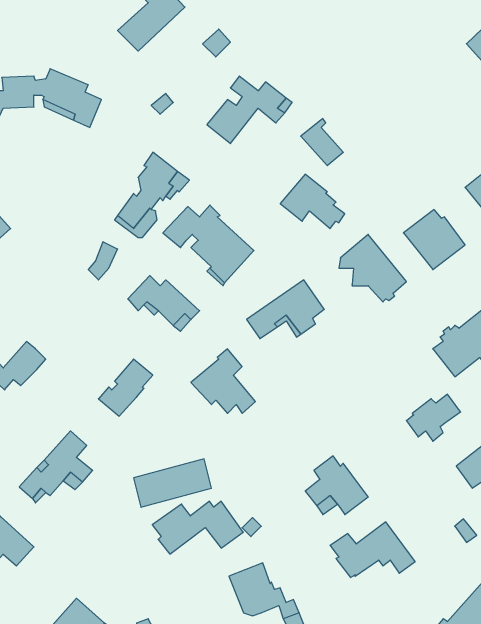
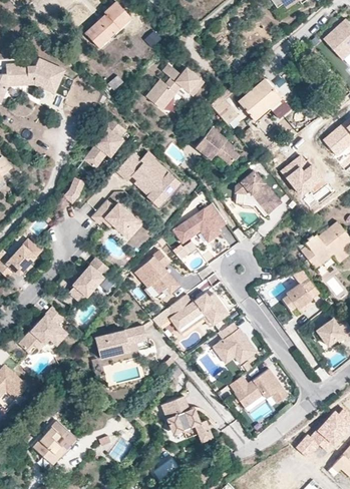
building: none -> [238,82,291,124]
building: [152,501,243,554] -> [165,293,228,329]

